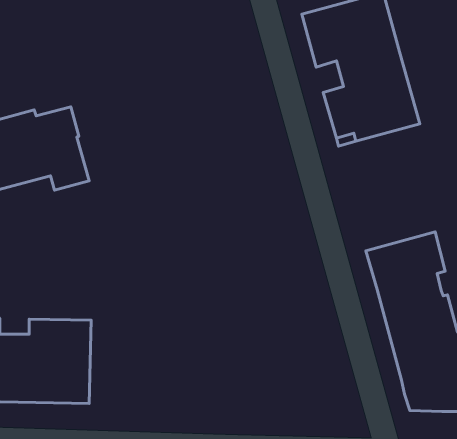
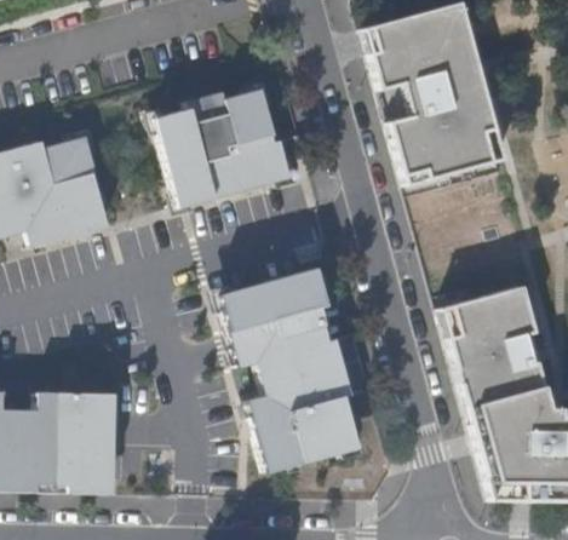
building: none -> [155,90,300,207]
building: none -> [219,268,373,470]

